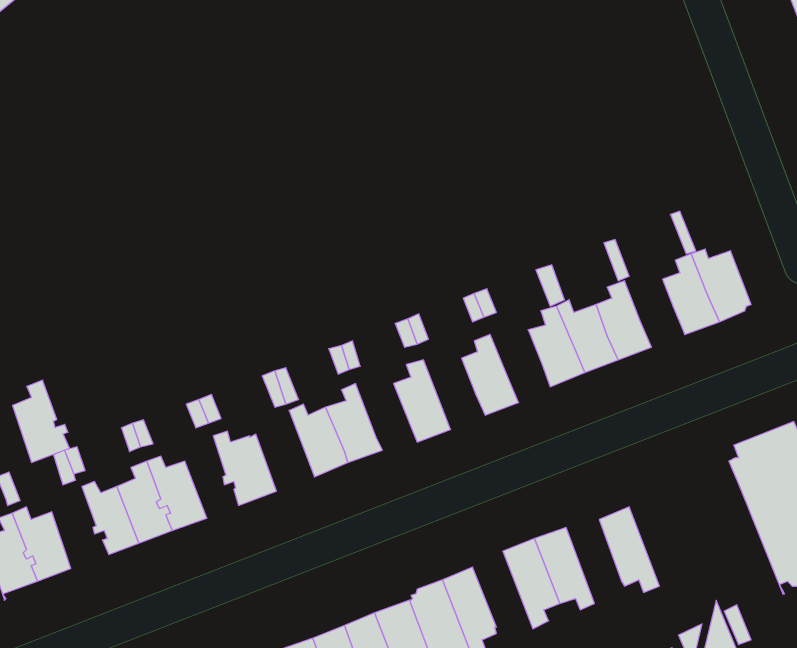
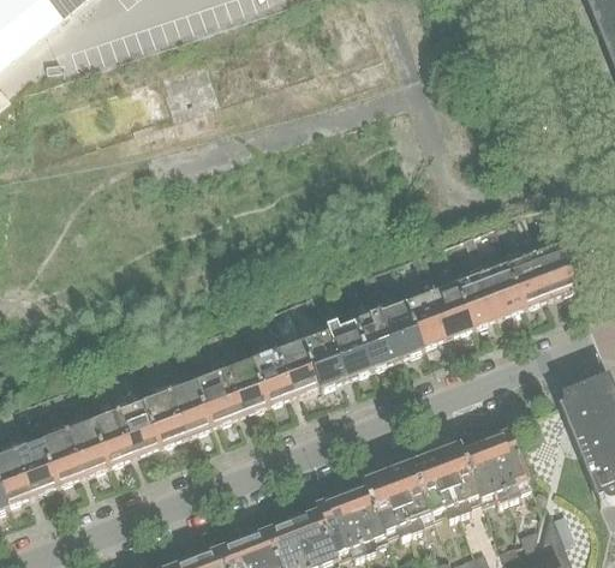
building: none -> [479,262,525,317]
building: none -> [377,303,424,359]
building: none -> [327,322,374,379]
building: none -> [275,341,322,395]
building: [13,380,69,462] -> [44,423,88,485]
building: none -> [199,365,244,426]
building: none -> [145,384,186,447]
building: none -> [483,431,527,498]
building: none -> [435,447,477,512]
building: none -> [364,472,410,534]

